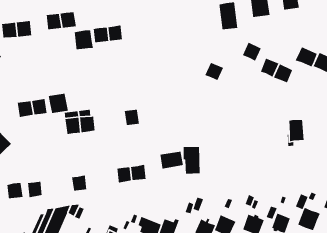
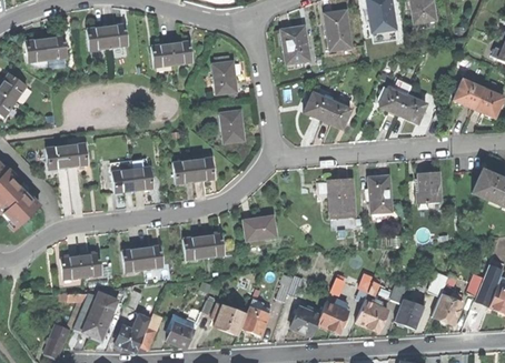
building: none -> [281,26,309,62]
building: [74,30,94,50] -> none
building: none -> [212,61,237,93]
building: [242,42,262,62] -> [323,100,350,128]
building: [295,46,318,67] -> none
building: none -> [220,110,245,142]
building: [48,93,69,114] -> none
building: none -> [174,159,197,183]
building: none -> [370,175,392,215]
building: [183,146,201,175] -> [329,178,354,216]
building: none -> [141,243,165,268]
building: [6,182,23,199] -> [80,252,103,275]

